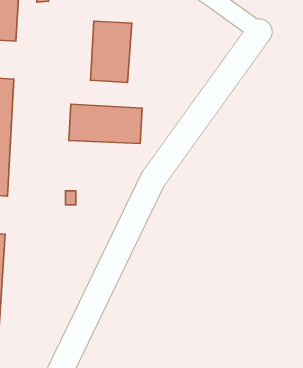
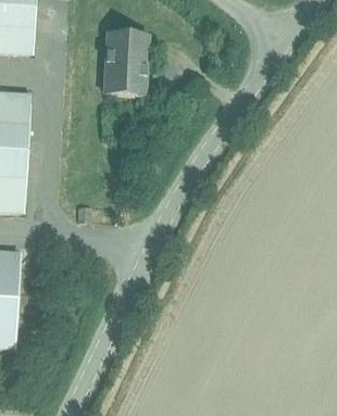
building: [69,104,142,143] -> none

